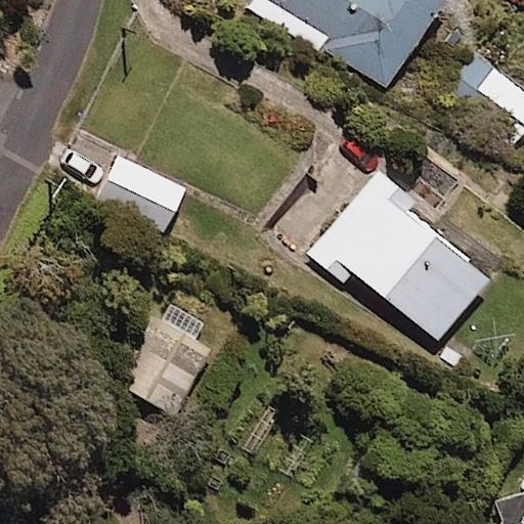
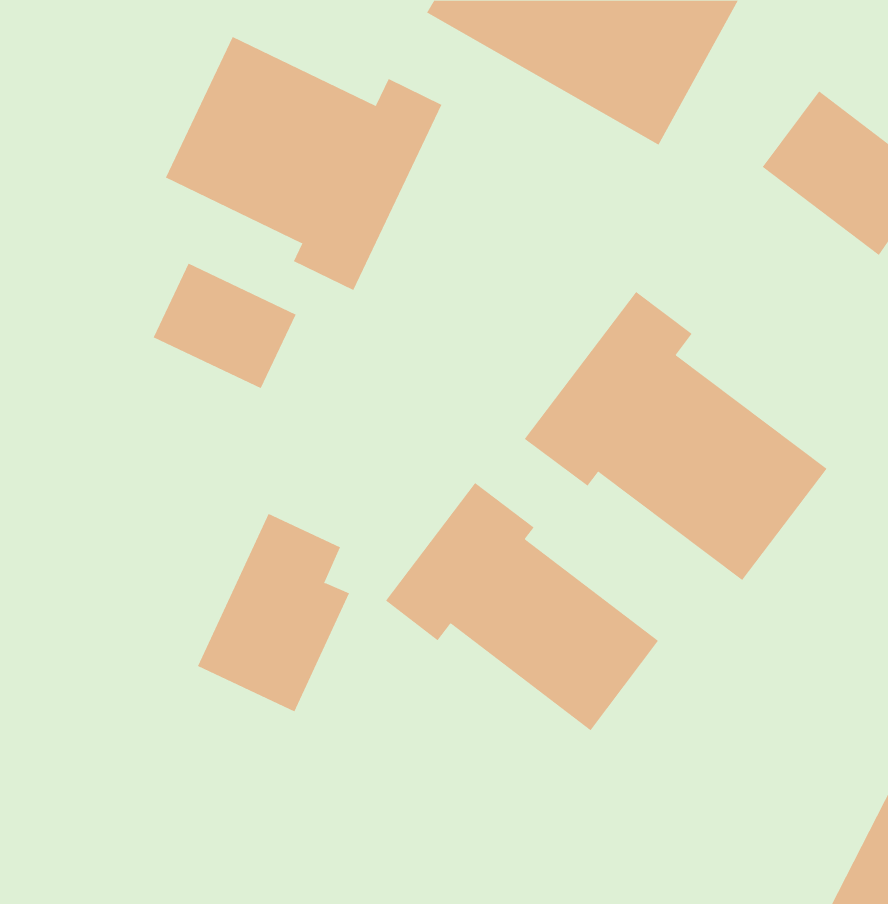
building: none -> [165,36,442,291]
building: none -> [385,482,659,731]

